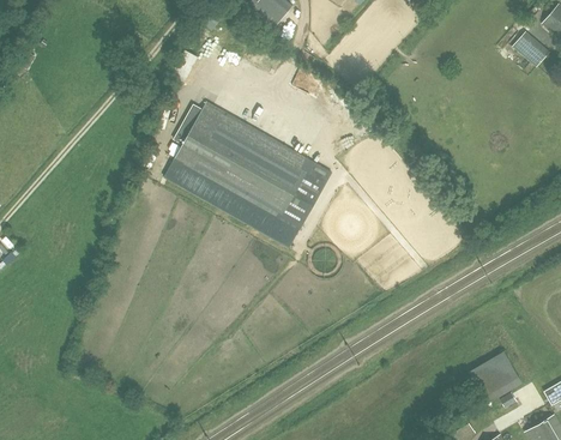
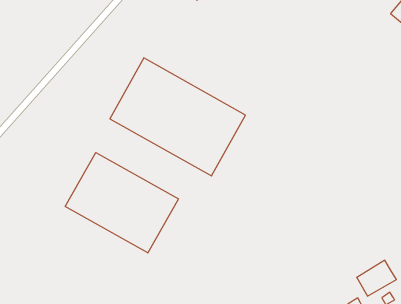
building: none -> [65,153,178,253]

